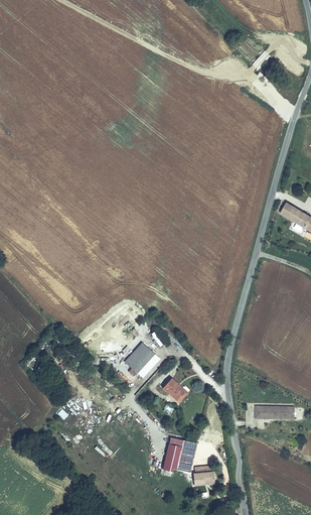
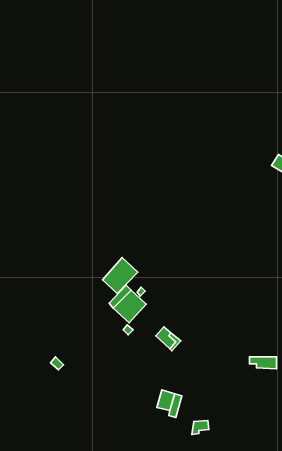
building: none -> [103,258,138,293]

